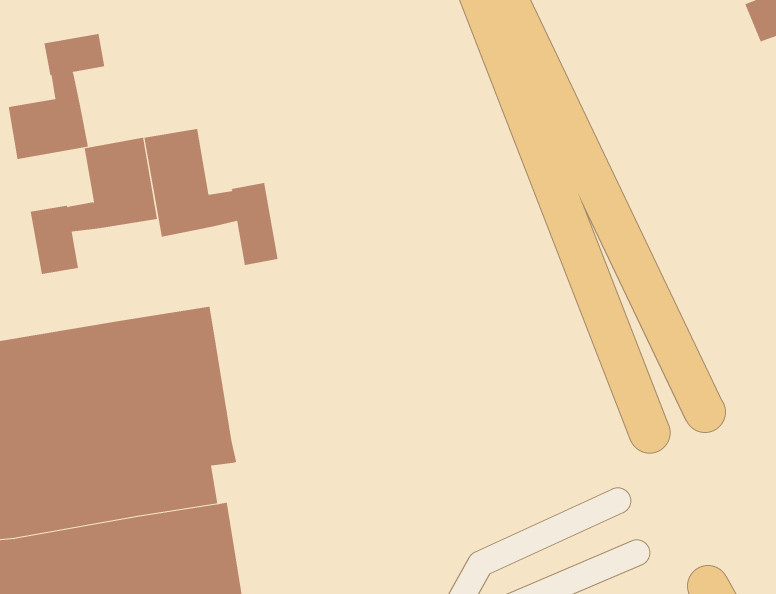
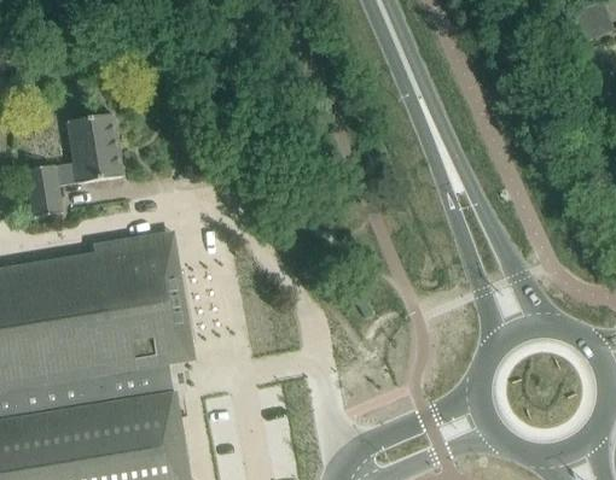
building: [8,33,105,160] -> none
building: [144,128,278,266] -> none

